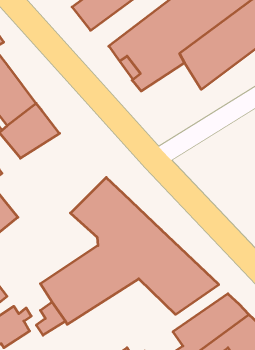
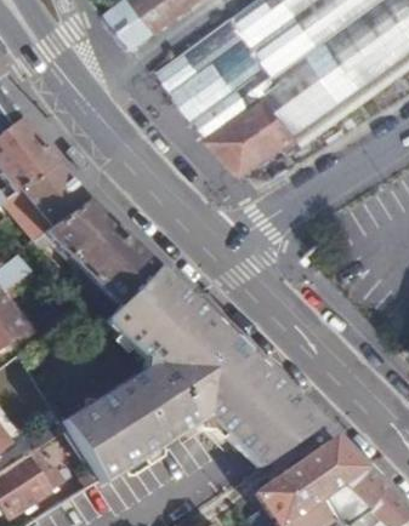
building: none -> [209,99,300,179]
building: none -> [33,202,158,304]

